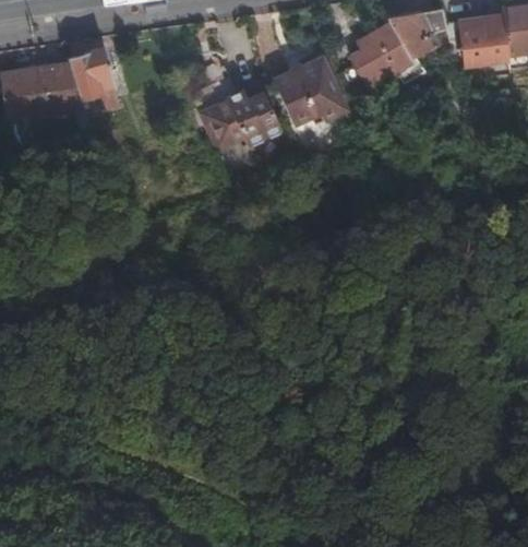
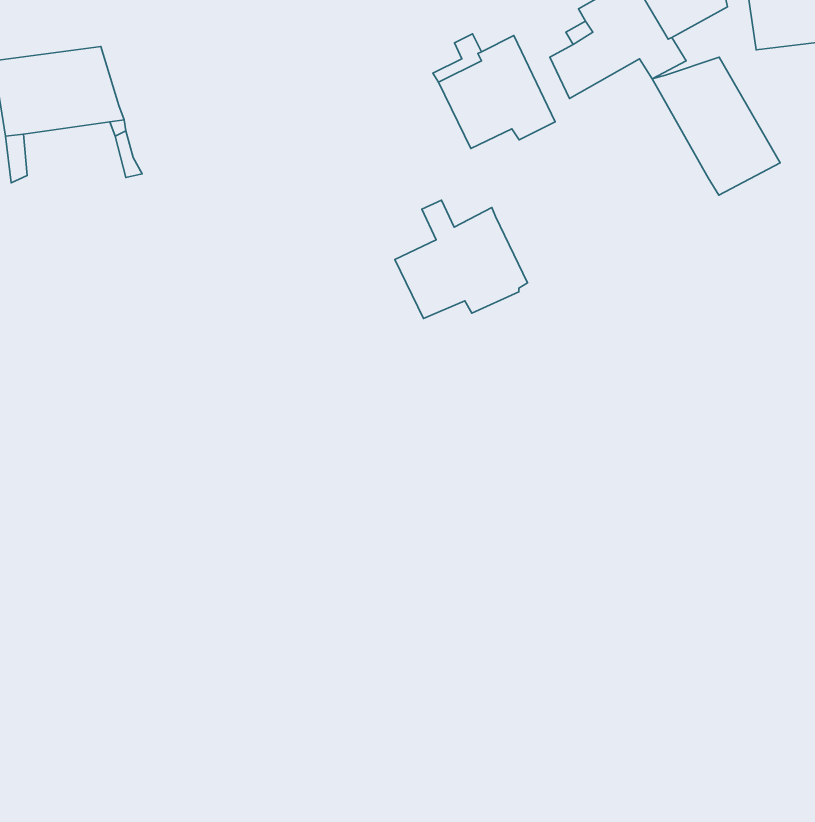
building: [67,47,120,109] -> none
building: none -> [652,57,780,195]
building: [197,78,278,150] -> [395,200,528,319]

